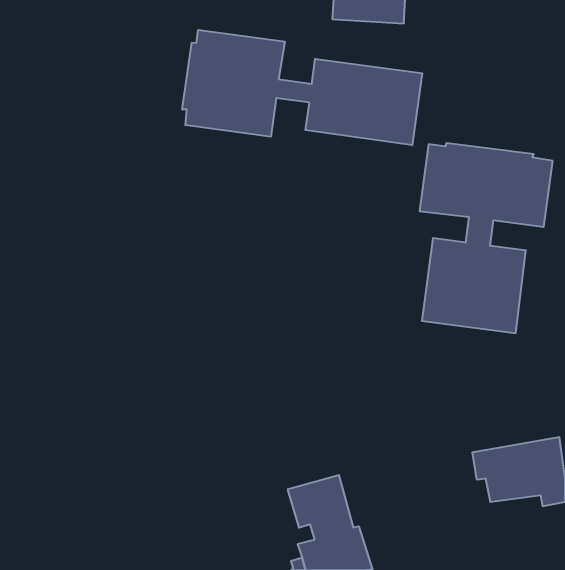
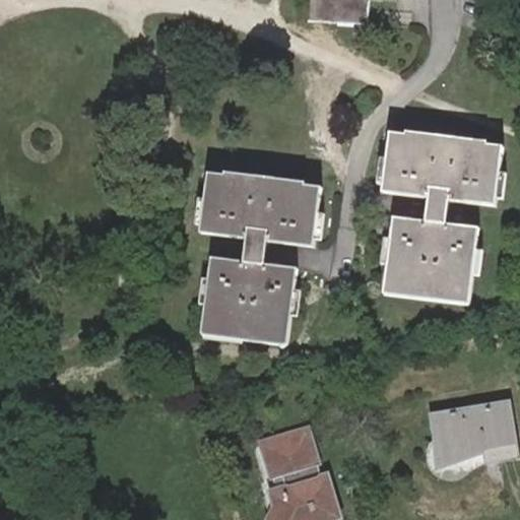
building: [182,30,422,145] -> none
building: none -> [200,170,323,343]

